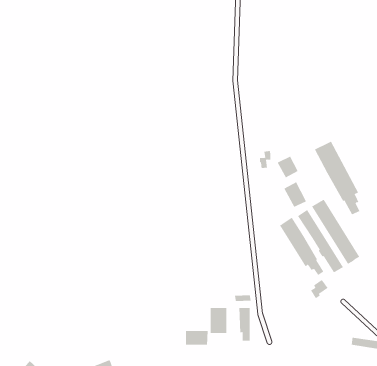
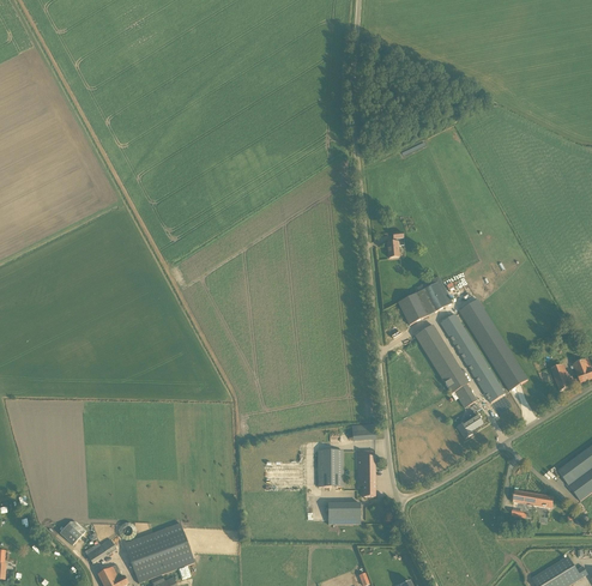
building: [314,141,360,215] -> none
building: [277,156,298,178] -> [397,291,427,322]
building: [185,331,209,345] -> [327,502,360,522]

